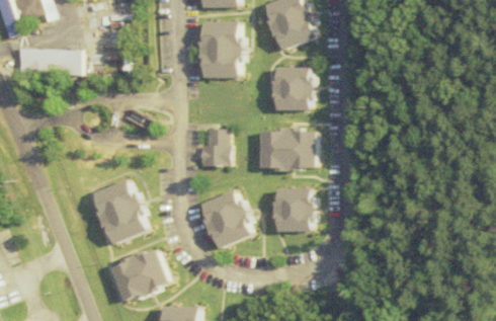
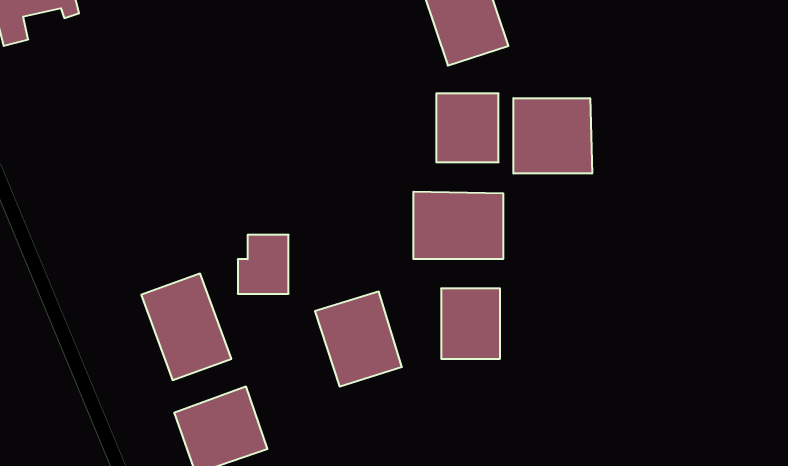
building: [196,21,239,77] -> none
building: [15,47,77,74] -> none
building: none -> [513,98,592,174]
building: [194,129,226,165] -> [238,235,289,294]

